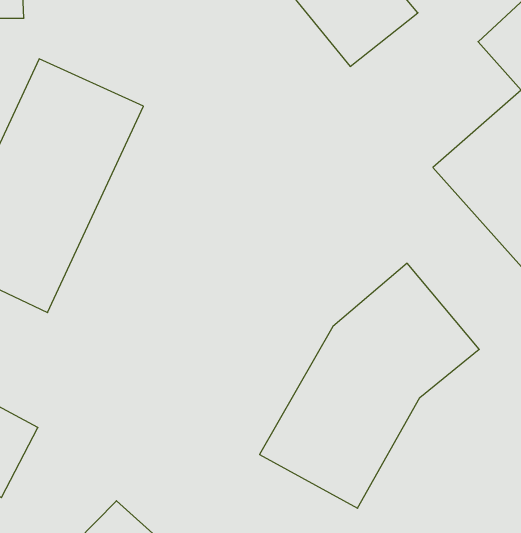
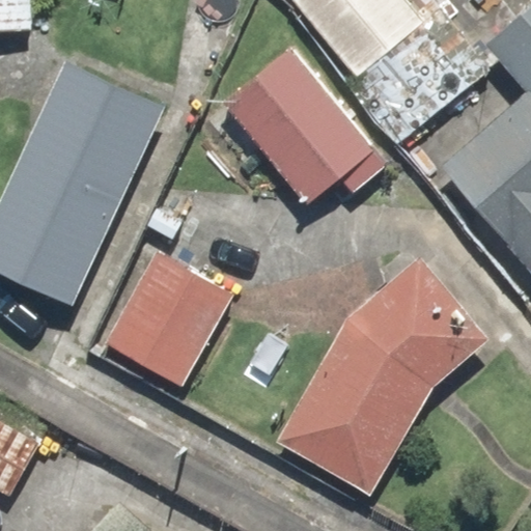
building: none -> [354,30,466,140]
building: none -> [227,50,389,203]
building: none -> [113,253,235,383]

